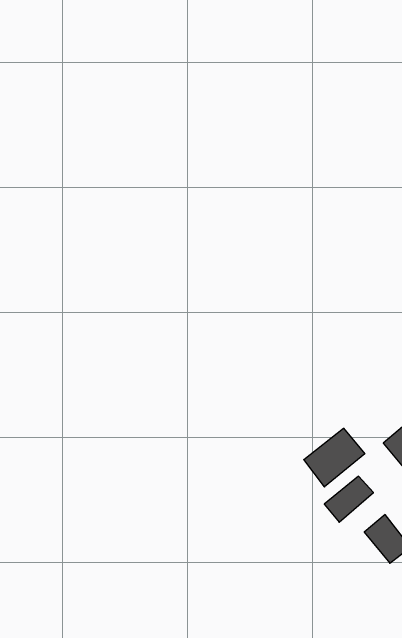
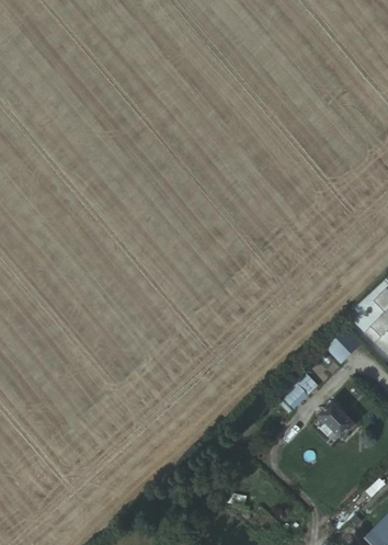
building: [304,428,365,487] -> none

